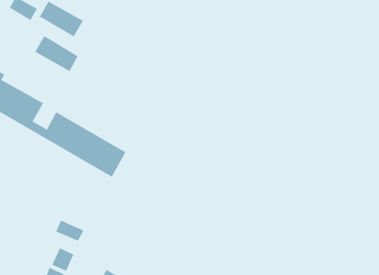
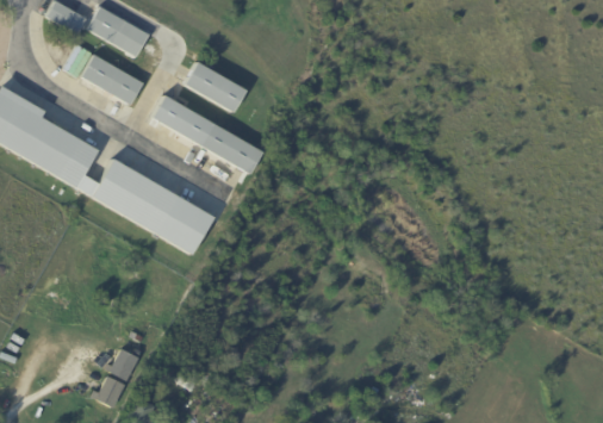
building: none -> [185,63,247,113]
building: none -> [153,95,262,175]
building: [56,220,84,242] -> none

